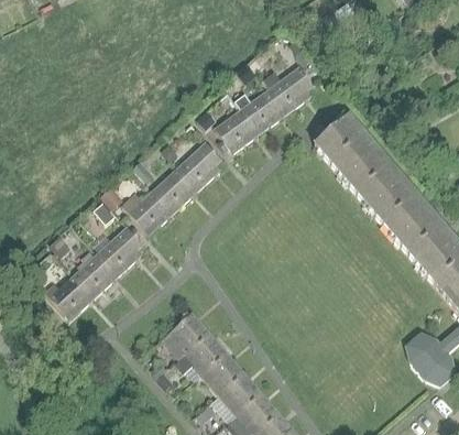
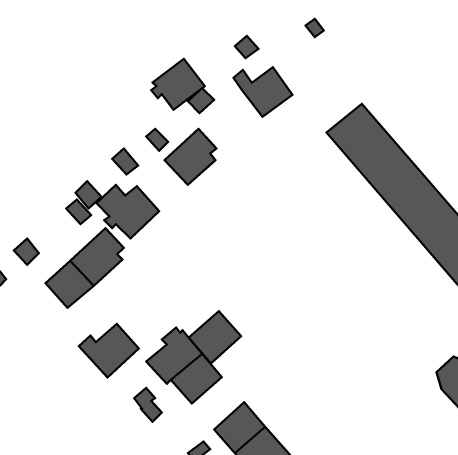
building: [263,67,314,113] -> none
building: [215,109,260,152] -> [151,59,205,110]
building: [154,168,197,211] -> none
building: [45,272,96,317] -> [79,324,139,377]
building: [200,351,244,395] -> [189,311,241,364]

